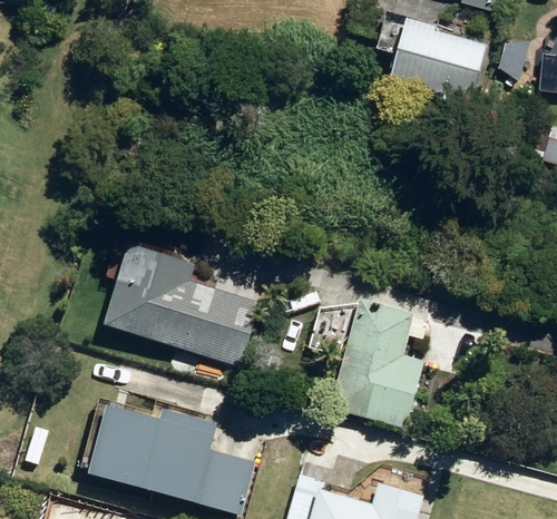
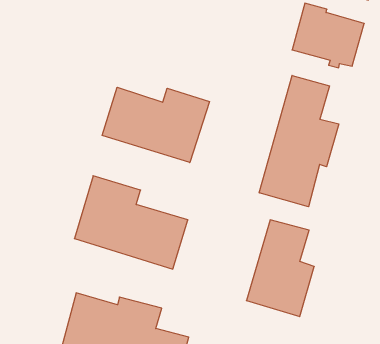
building: none -> [259,75,339,207]
building: none -> [102,87,209,163]

